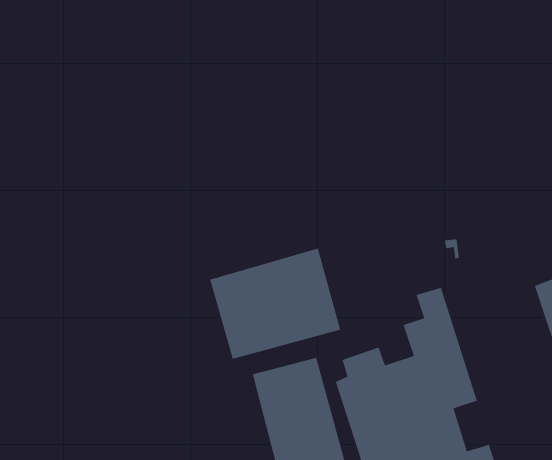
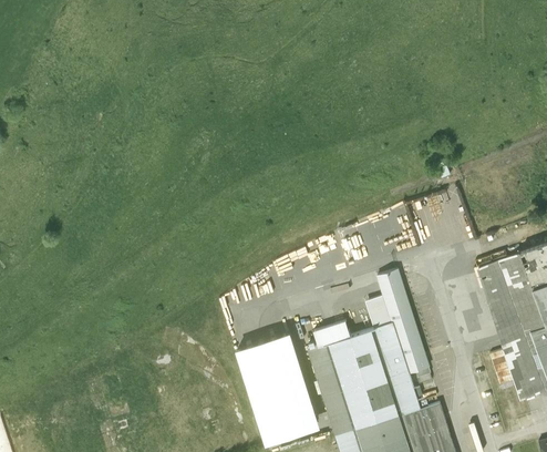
building: [209,247,341,360] -> none

